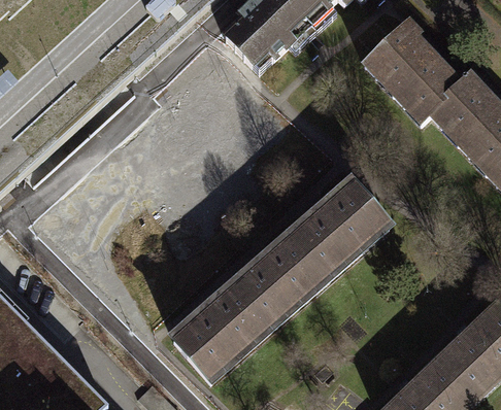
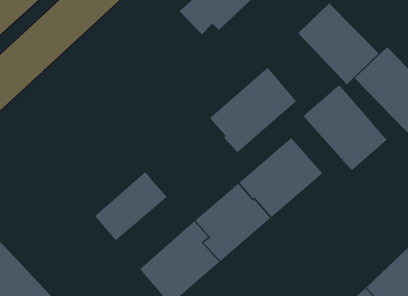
building: none -> [209,67,297,153]
building: none -> [302,84,387,171]
building: none -> [94,171,168,241]

